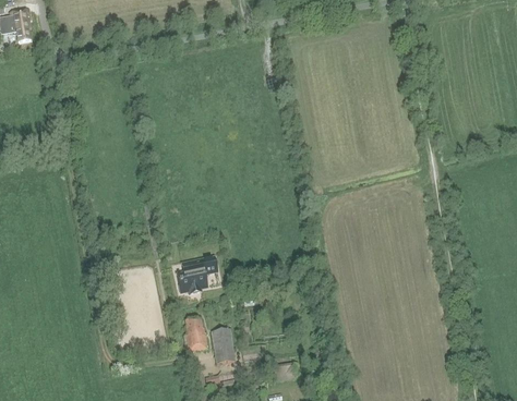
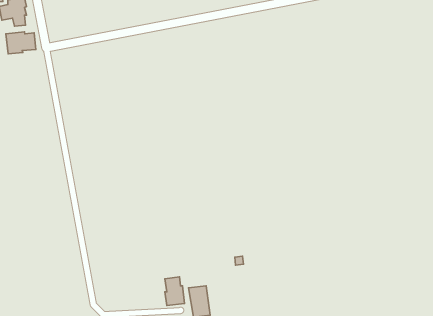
building: none -> [6,32,36,54]
building: [177,256,217,293] -> none

